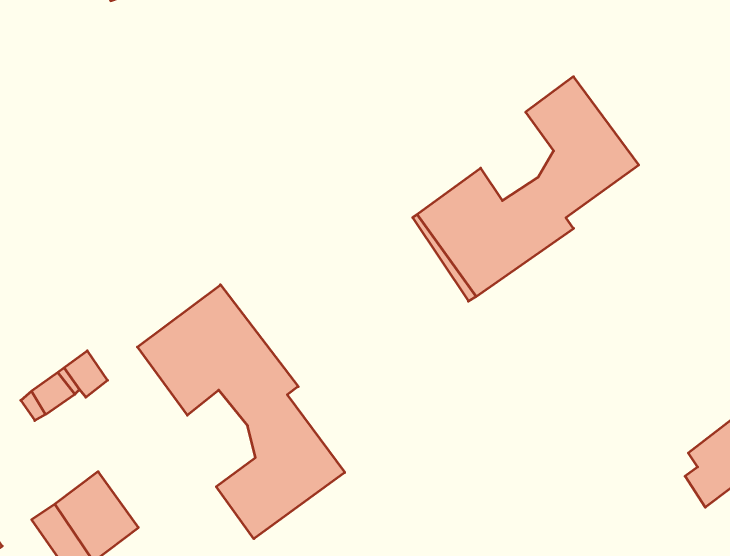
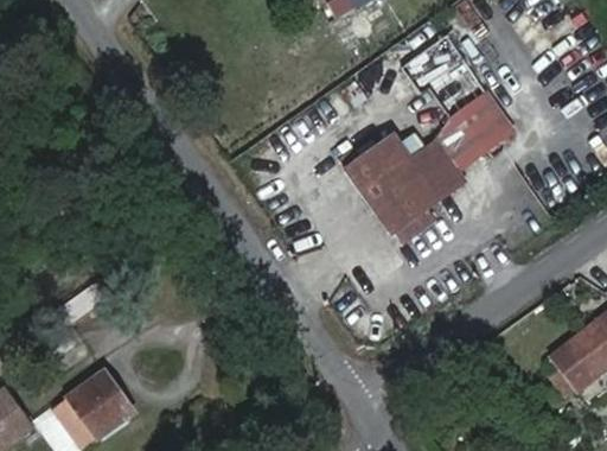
building: [137,285,345,539] -> none

